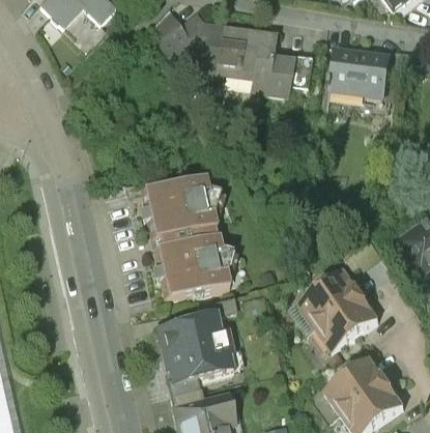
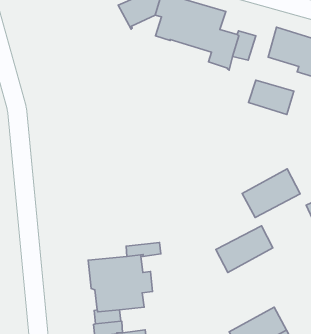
building: none -> [249,80,294,115]
building: [140,180,232,300] -> none
building: [313,289,377,347] -> [242,169,300,217]

